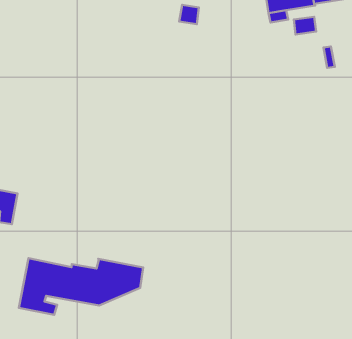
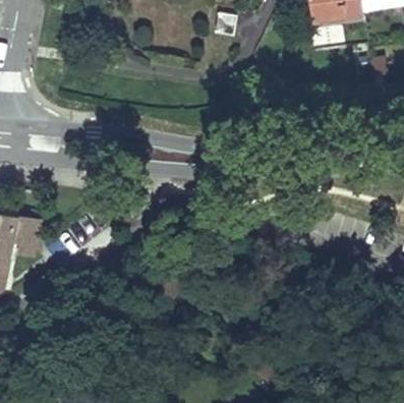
building: [19,258,143,315] -> none

